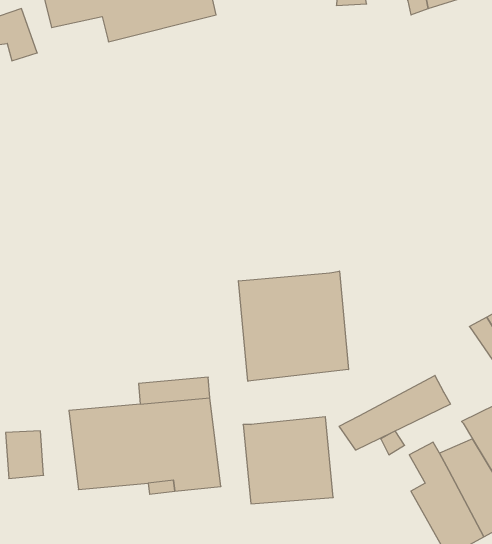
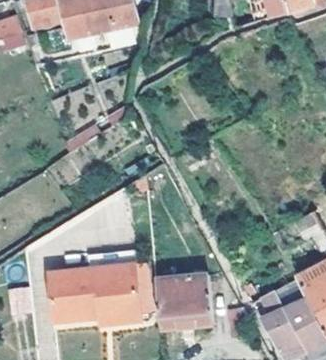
building: [238,271,348,381] -> none
building: [339,375,450,450] -> none

